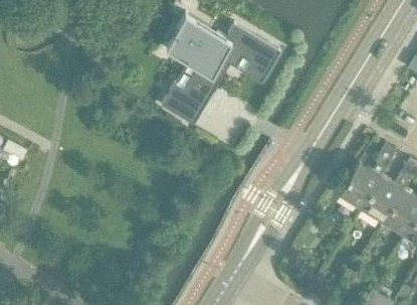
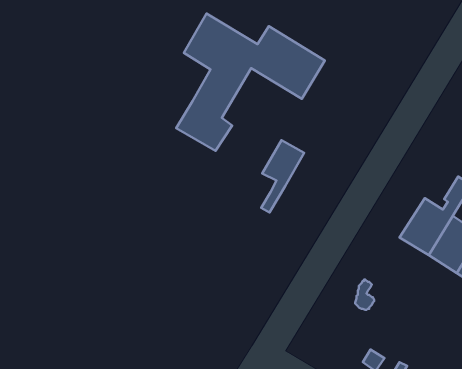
building: none -> [261,140,304,213]

